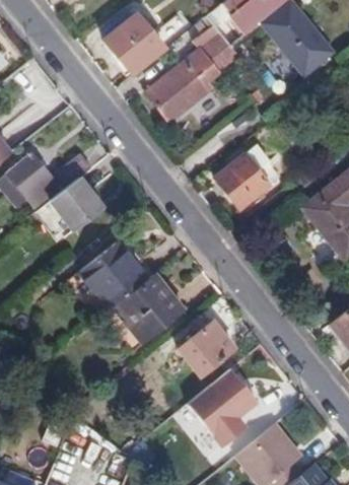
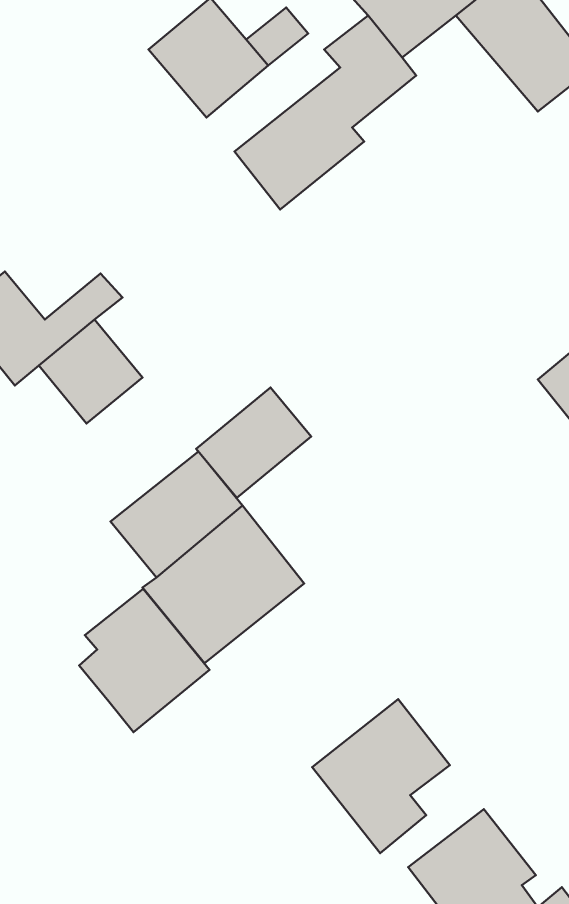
building: [214,155,269,209] -> none
building: none -> [196,387,311,498]
building: none -> [79,589,210,732]
building: [180,323,234,375] -> none

